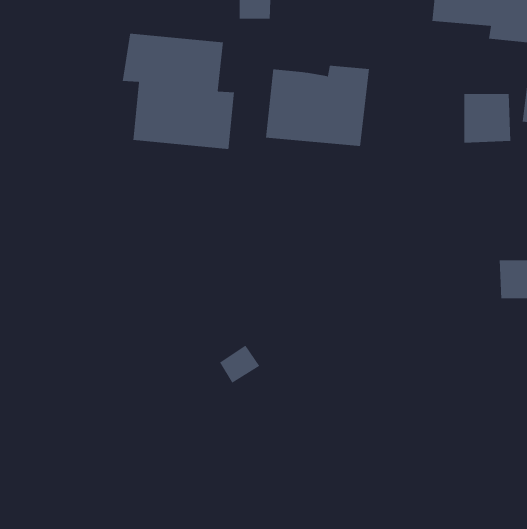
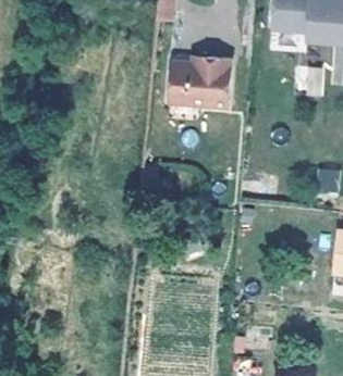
building: [122,33,234,150] -> none

